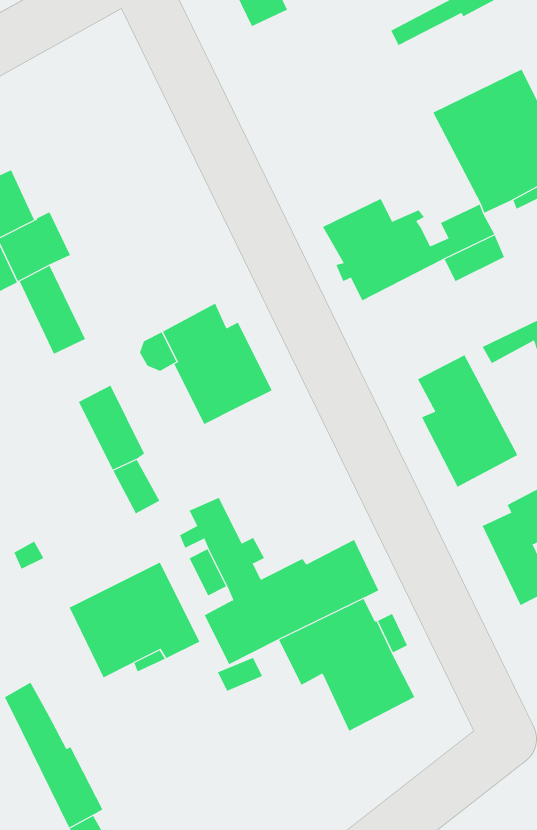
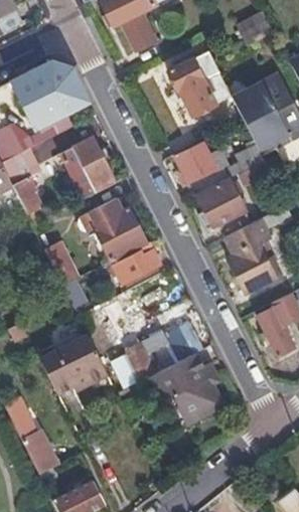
building: none -> [168,51,232,117]
building: none -> [12,61,89,146]
building: none -> [59,137,116,199]
building: none -> [197,181,252,237]
building: none -> [112,241,162,286]

